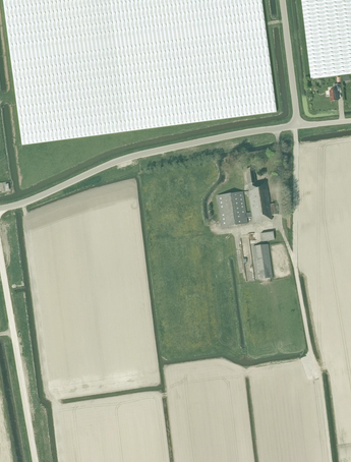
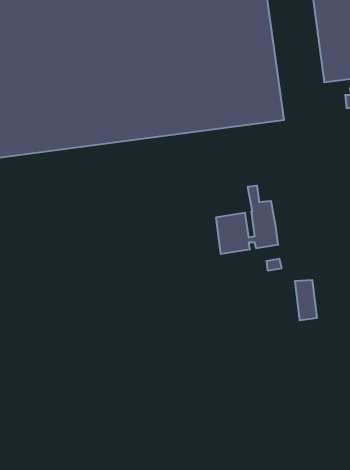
building: [253,243,273,278] -> [295,280,317,320]

